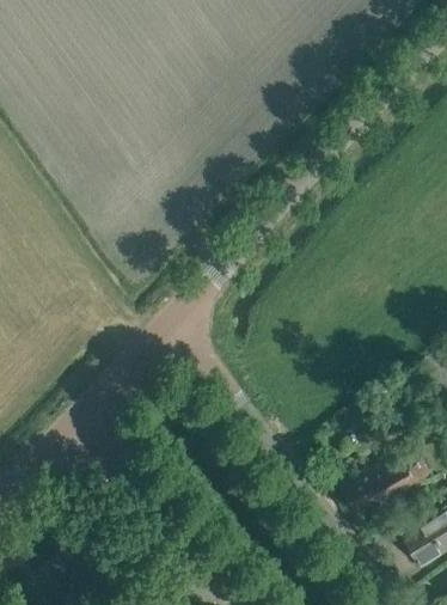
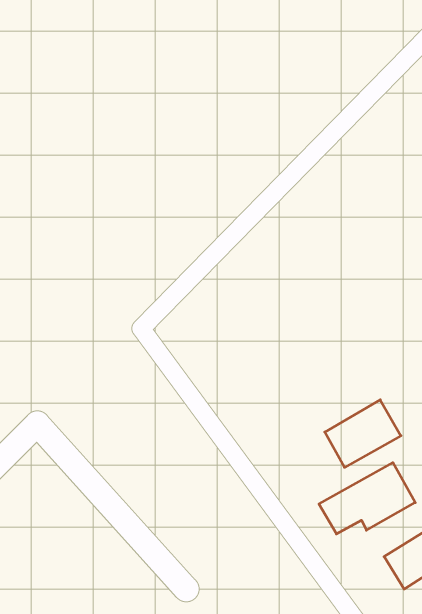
building: none -> [325,400,401,467]

